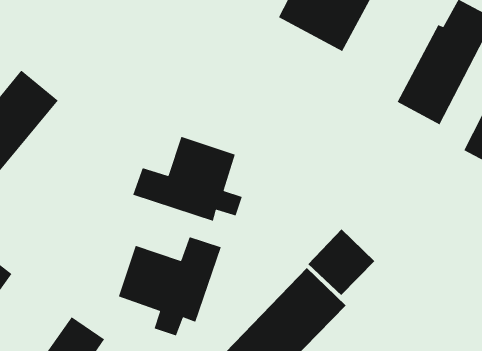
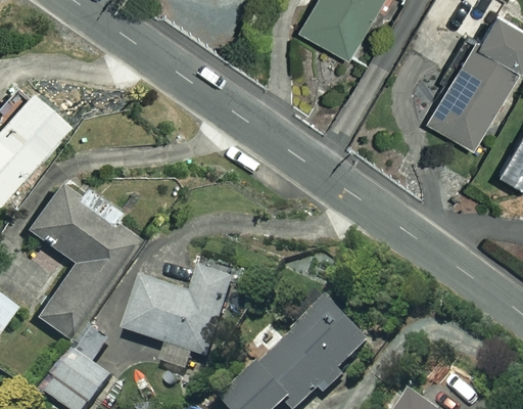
building: [132,136,243,222] -> none
building: none -> [22,180,136,337]
building: [308,229,375,296] -> none

